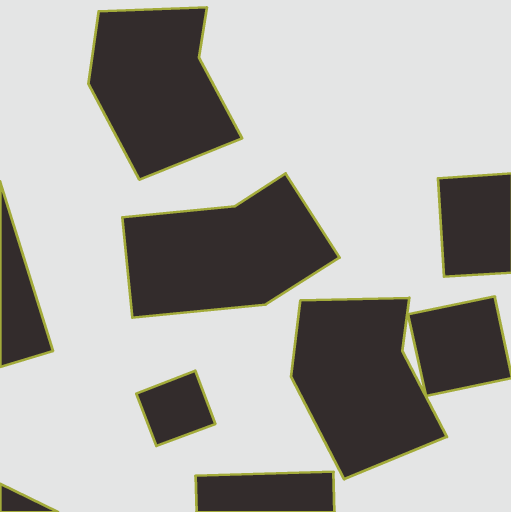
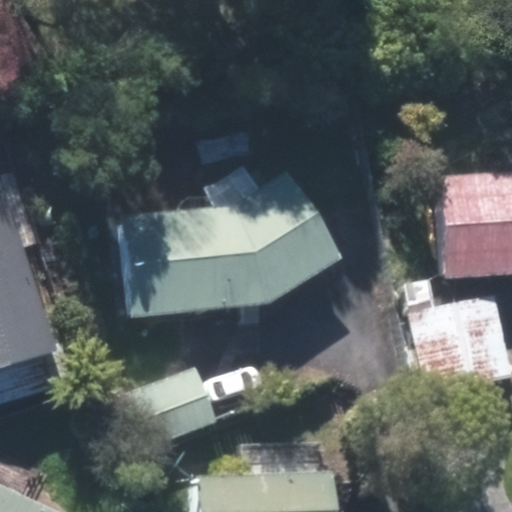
building: [88,7,242,180] -> none
building: [291,298,447,479] -> none

